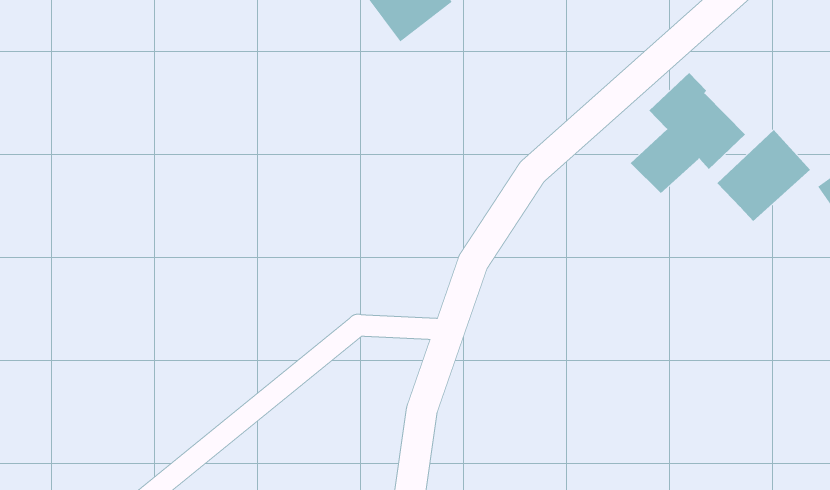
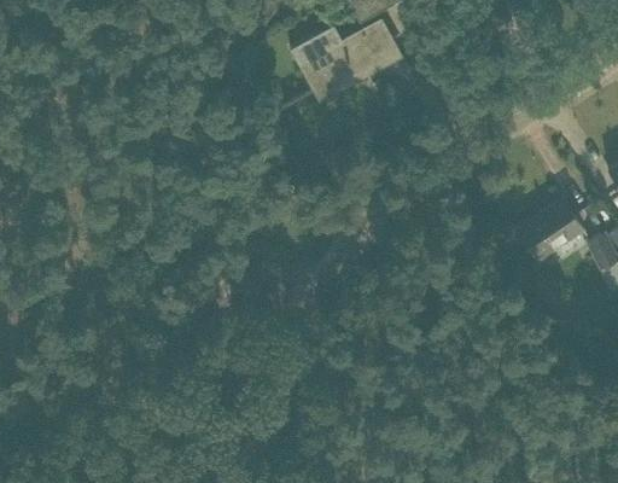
building: [630,72,746,194] -> none

